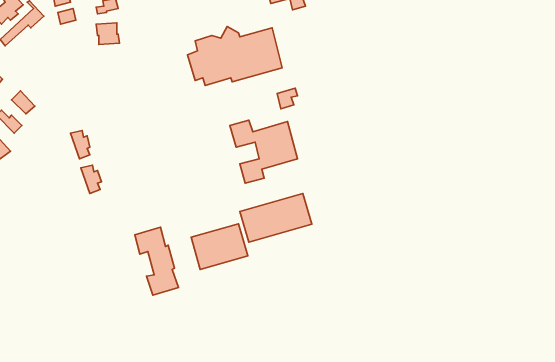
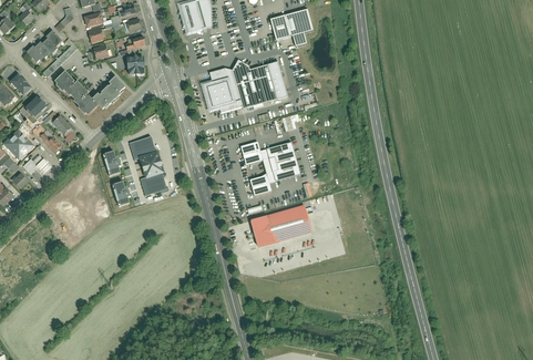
building: none -> [54,72,125,116]
building: [191,224,248,269] -> none
building: [135,227,178,295] -> [130,136,167,195]

